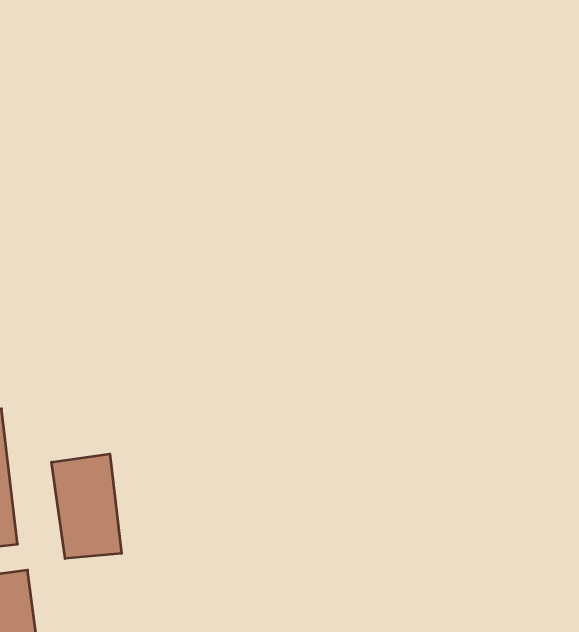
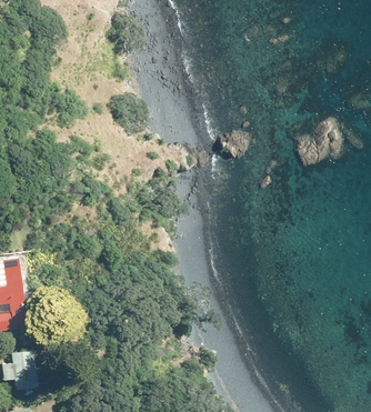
building: [52,454,122,559] -> none

